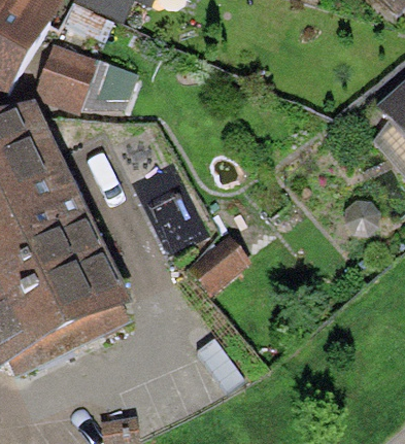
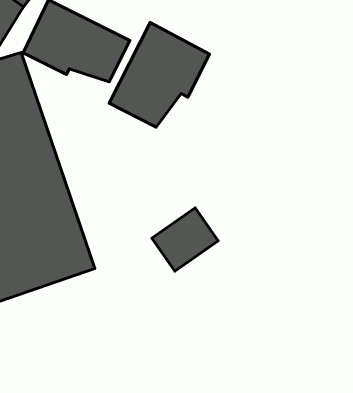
building: none -> [109,22,209,127]

